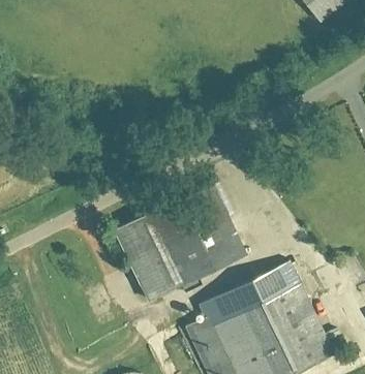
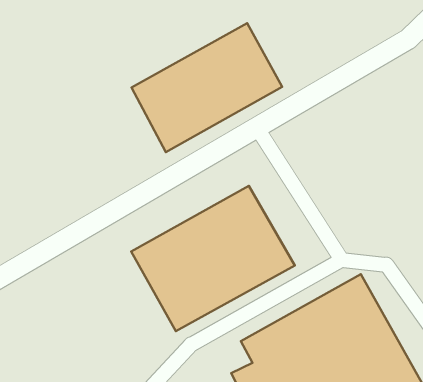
building: none -> [132,23,282,152]

